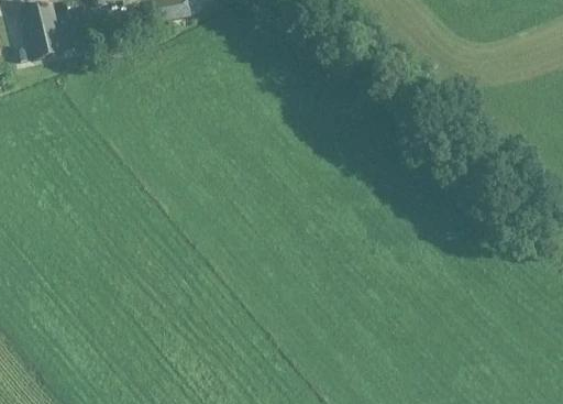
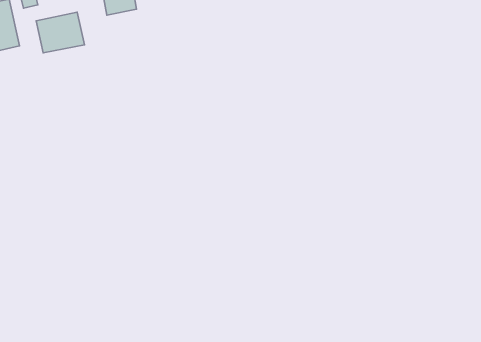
building: none -> [36,12,84,53]

